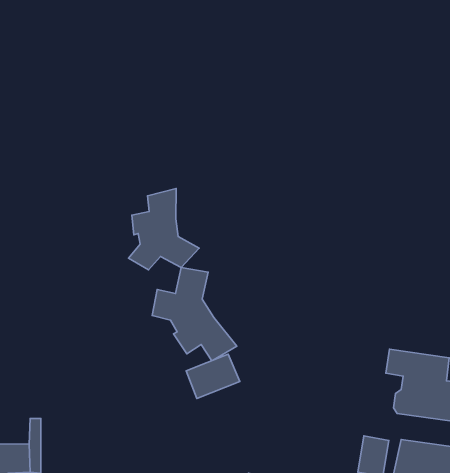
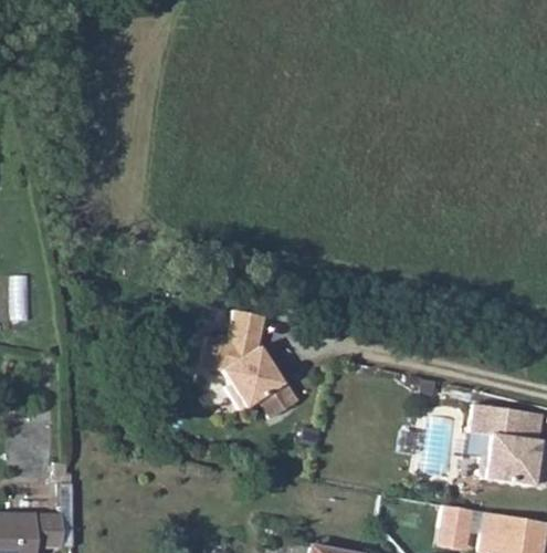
building: [129,188,199,270] -> none
building: [186,354,240,398] -> none

